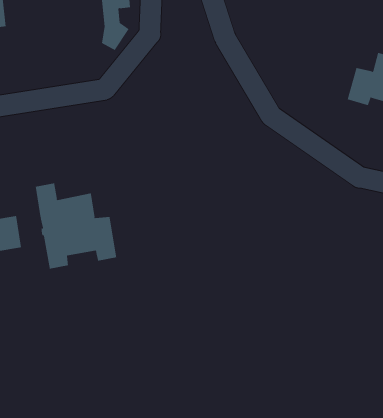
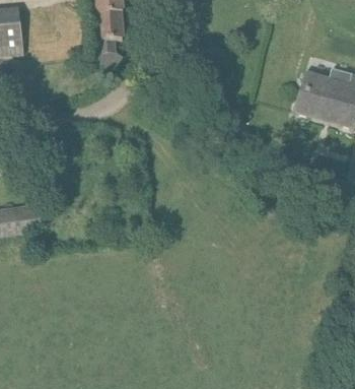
building: [35,183,117,270] -> none

